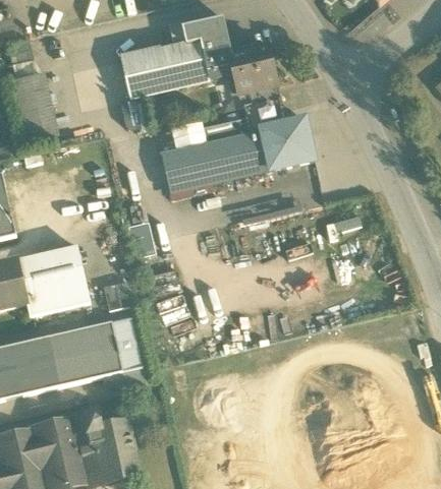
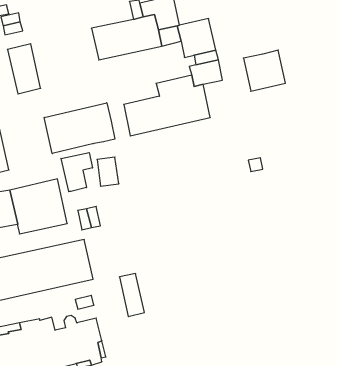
building: [261,117,314,169] -> [243,50,285,91]
building: none -> [44,103,115,154]
building: none -> [61,153,92,192]
building: [111,318,143,372] -> [119,274,144,317]

